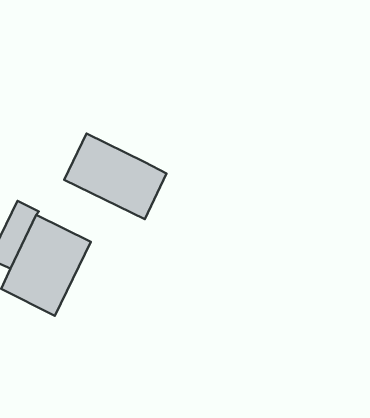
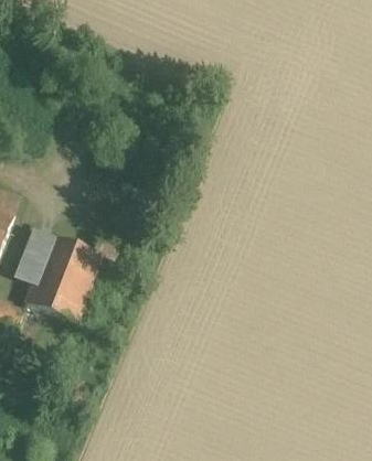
building: [64,133,167,219] -> none

